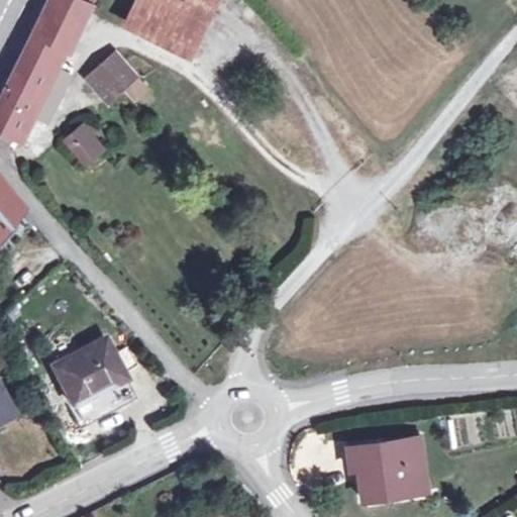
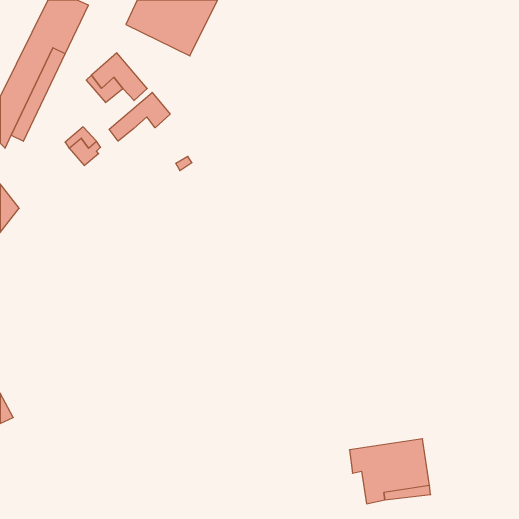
building: none -> [109,92,170,141]
building: [53,340,125,403] -> none

